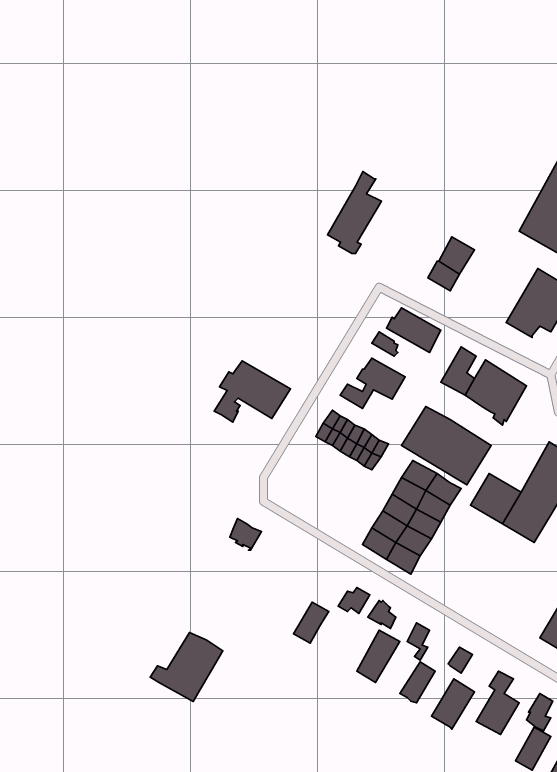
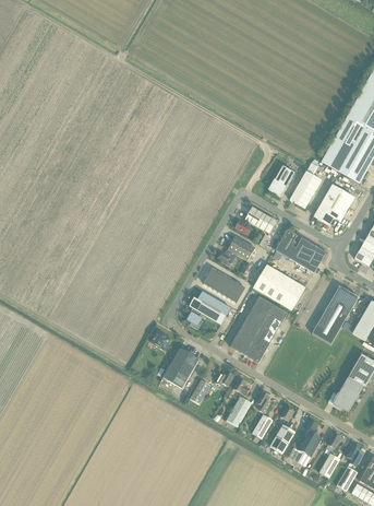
building: [327,171,382,253] -> [289,161,321,209]
building: [214,361,291,422] -> [185,290,230,326]
building: [150,632,223,701] -> [156,346,198,387]

